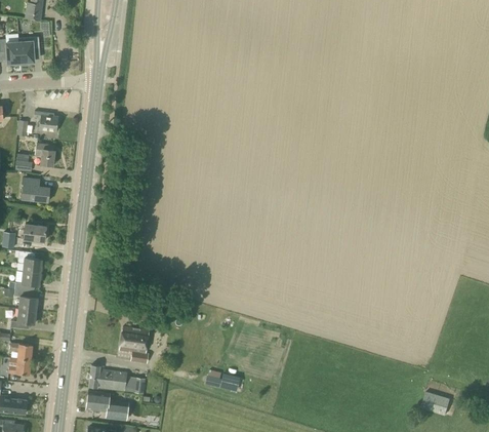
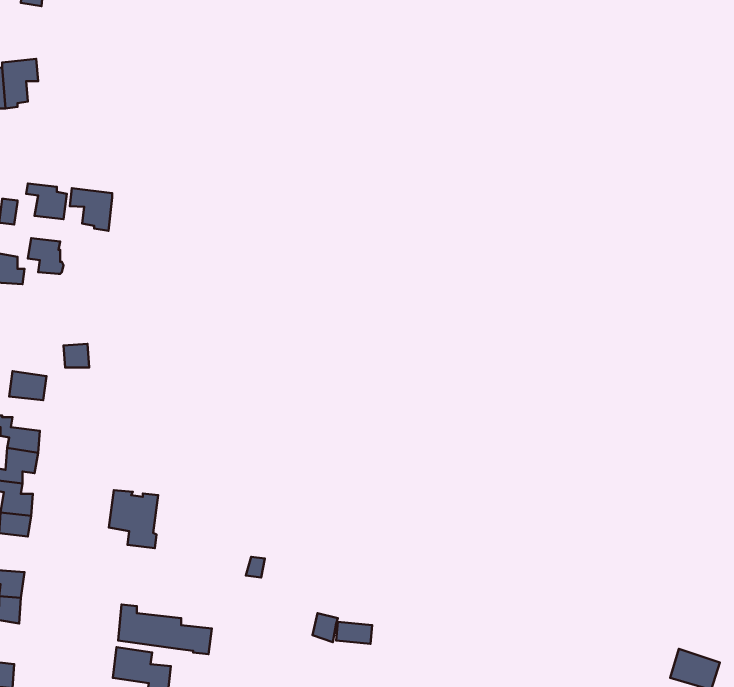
building: none -> [70,188,112,231]
building: [23,179,50,201] -> none
building: [120,327,150,362] -> [109,490,158,548]

